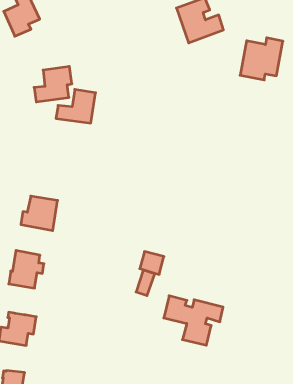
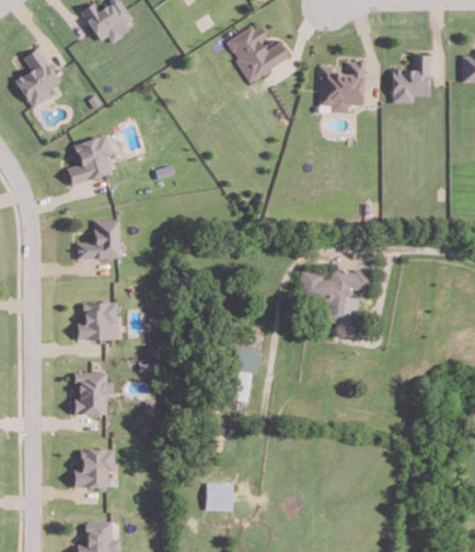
building: [56,89,96,123] -> [77,220,120,259]
building: [164,296,223,345] -> [299,270,370,324]
building: none -> [206,482,233,510]

